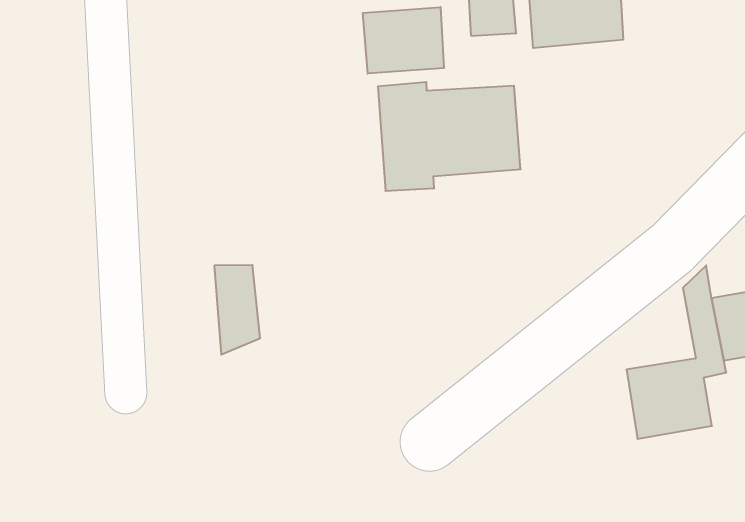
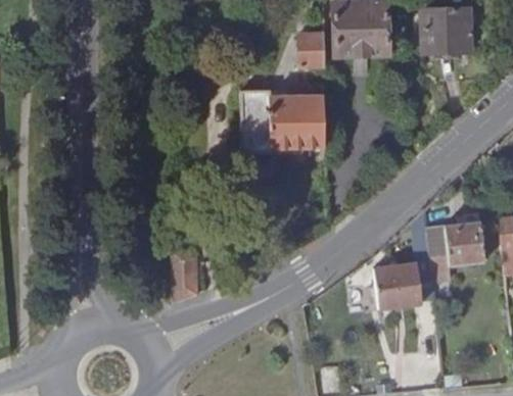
building: [363,7,444,74] -> none
building: [214,265,260,354] -> [174,249,198,301]

